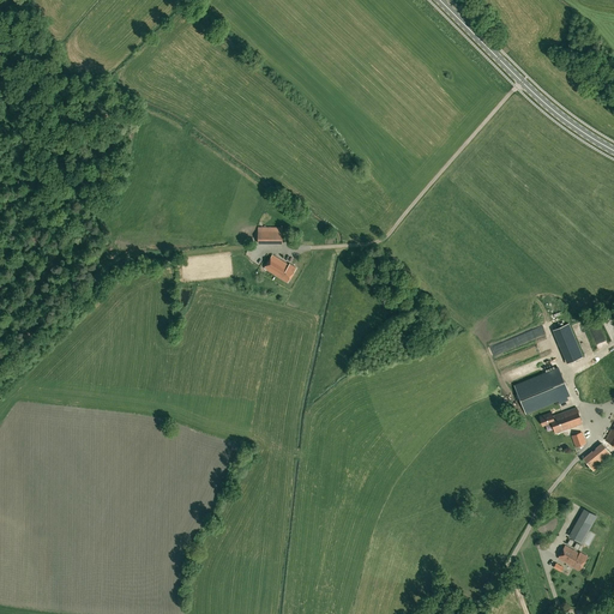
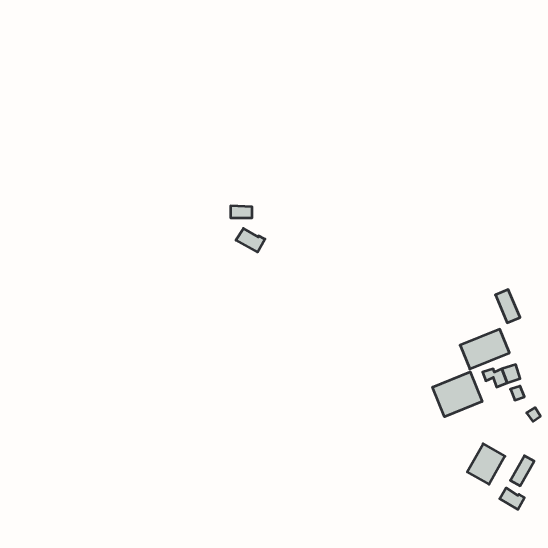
building: none -> [433,372,482,417]
building: none -> [467,444,505,484]

